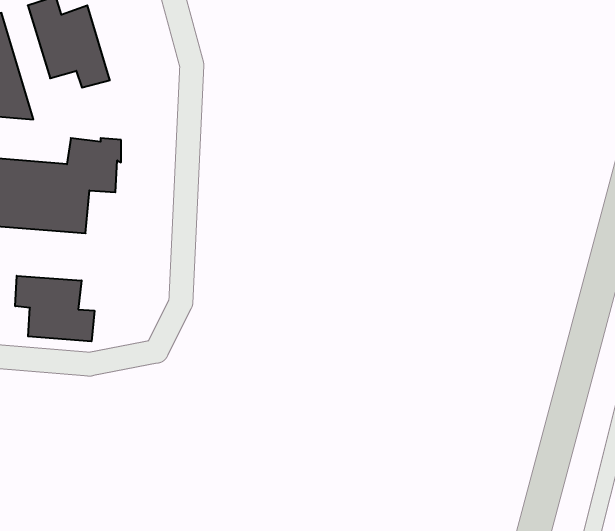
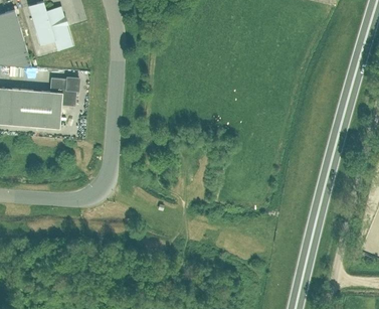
building: [15,276,94,341] -> none

